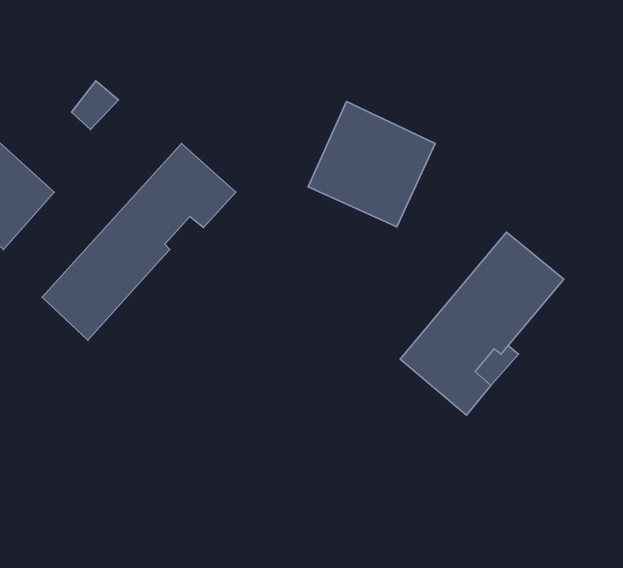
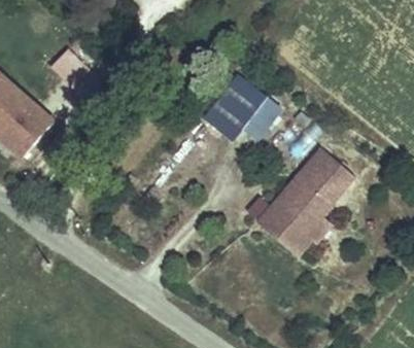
building: [42,143,236,340] -> none

